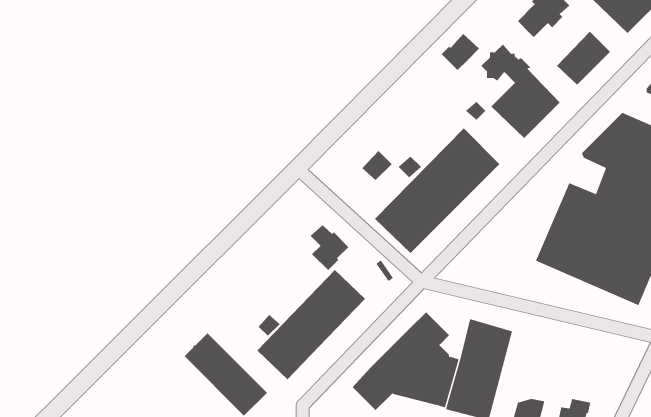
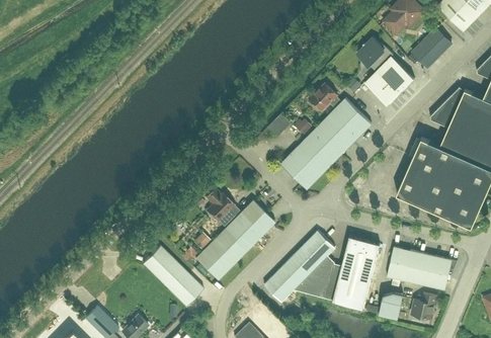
building: [441,33,480,71] -> [309,84,337,111]
building: [310,225,349,271] -> [206,189,234,223]
building: none -> [387,247,458,289]

